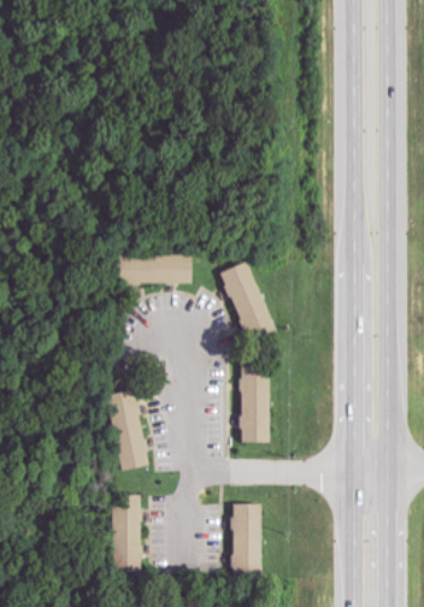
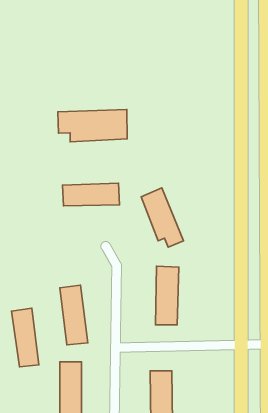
building: none -> [58,109,127,142]
building: none -> [12,308,39,367]

